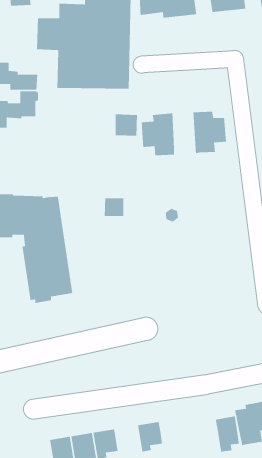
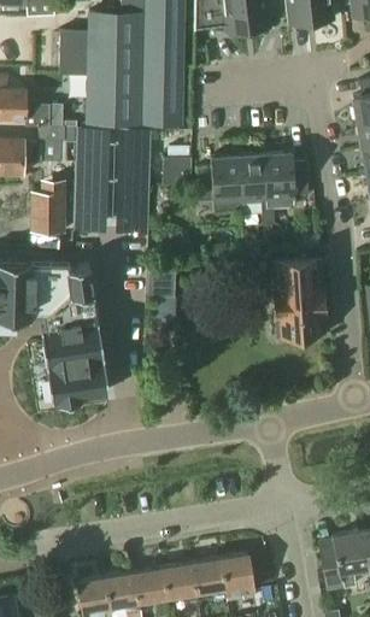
building: none -> [72,124,151,230]
building: none -> [239,154,274,224]
building: none -> [30,193,67,234]
building: none -> [272,259,325,342]
building: [215,416,240,453] -> [221,553,253,601]
building: none -> [163,563,198,601]

